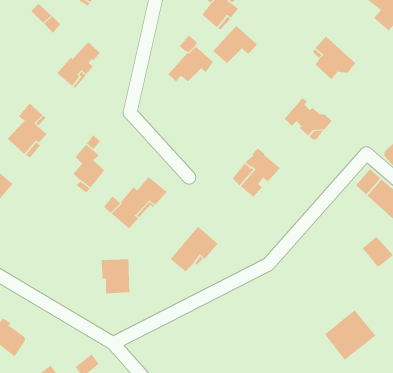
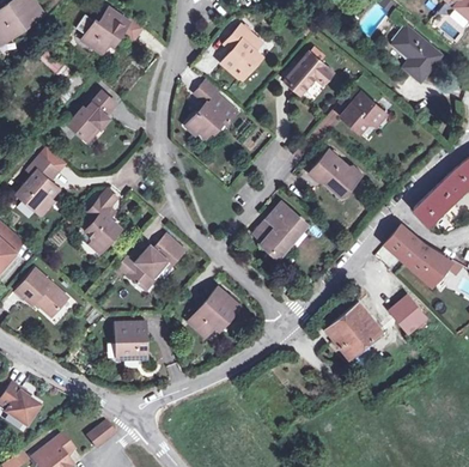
building: [212,25,258,64] -> [284,53,331,93]
building: none -> [16,268,67,314]
building: [324,310,376,360] -> [325,303,380,357]

